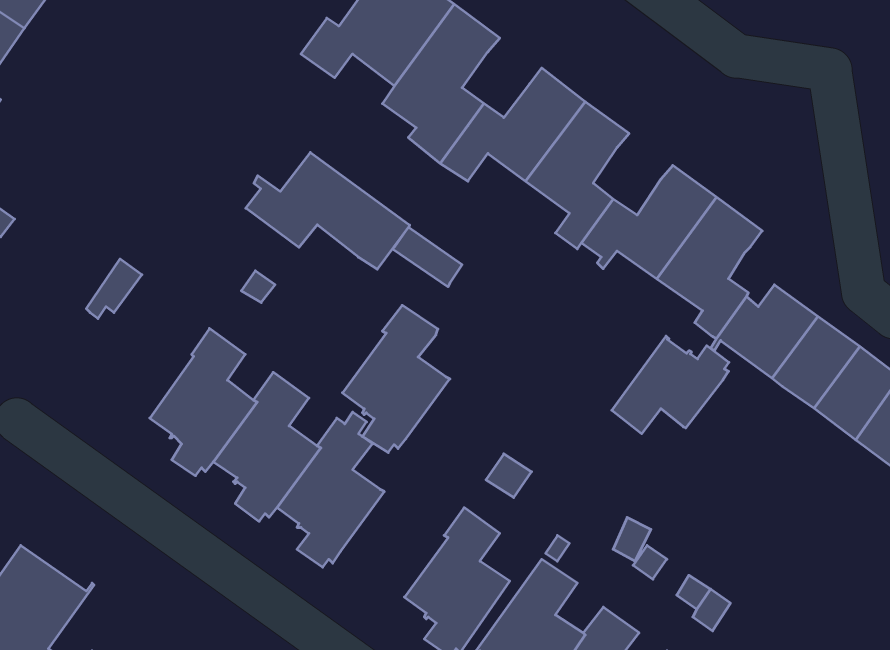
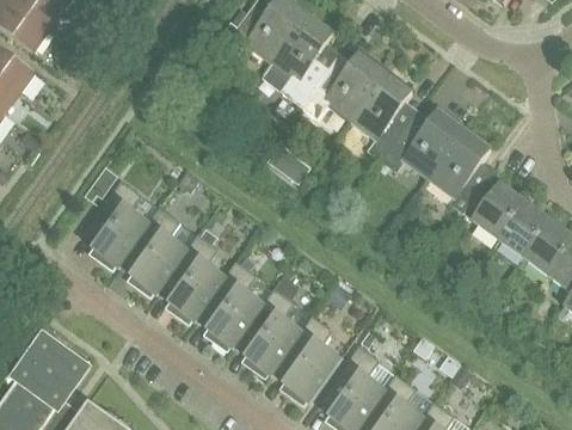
building: [246,152,410,269] -> none
building: none -> [84,180,149,270]
building: [342,305,450,453] -> [238,289,302,377]
building: [612,336,729,434] -> none

